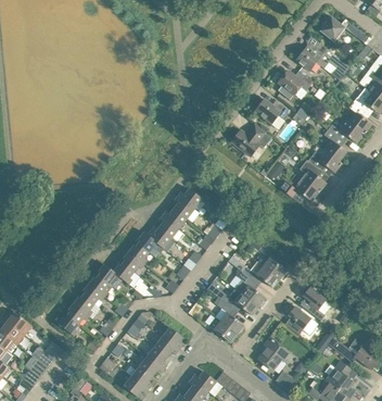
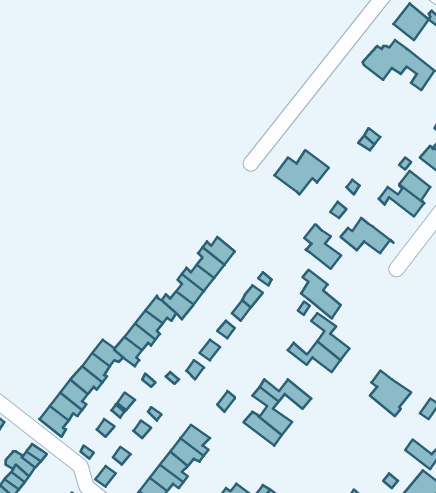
building: [278,70,314,95] -> none
building: [255,99,289,123] -> none
building: [300,160,327,192] -> [304,225,341,269]
building: [235,272,265,308] -> [301,270,341,318]
building: [286,305,318,335] -> none
building: [258,338,288,369] -> none

